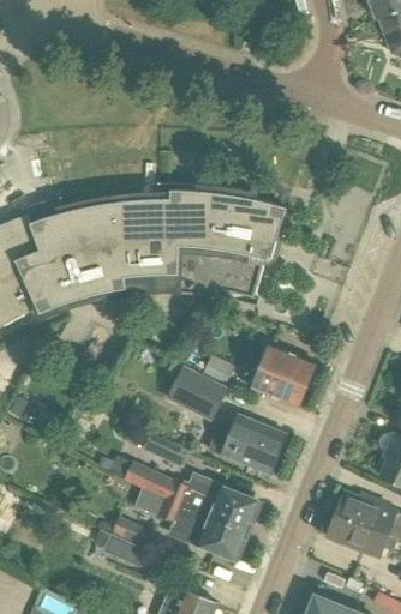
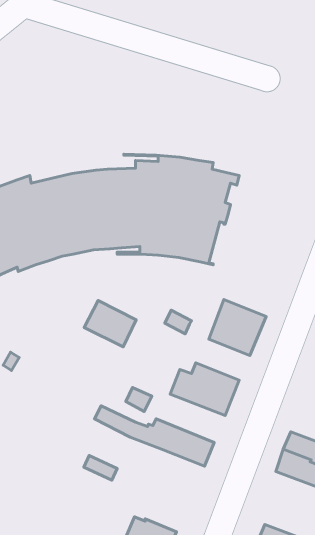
building: [168,367,226,419] -> [84,300,136,347]
building: [157,498,247,559] -> none
building: [104,534,149,567] -> none

